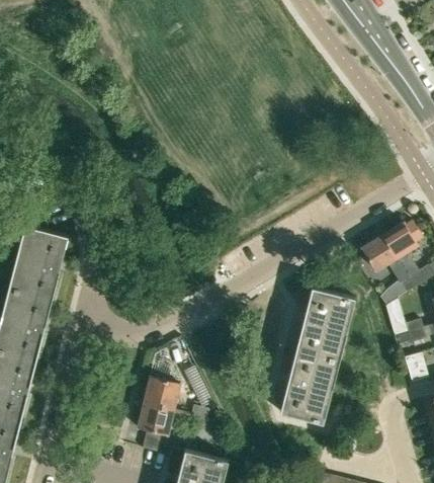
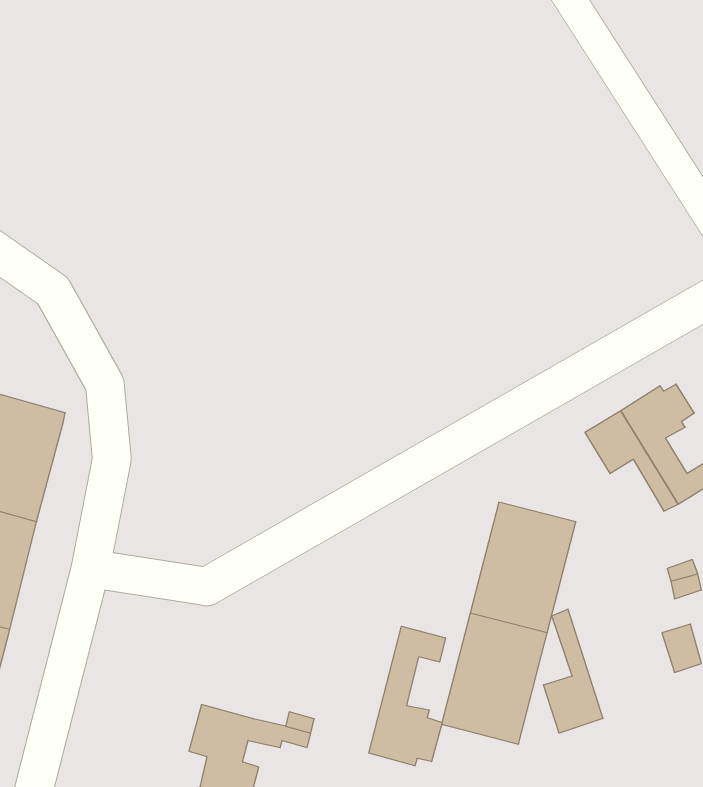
building: none -> [544,609,603,733]
building: none -> [369,626,445,766]
building: [144,377,180,410] -> none

